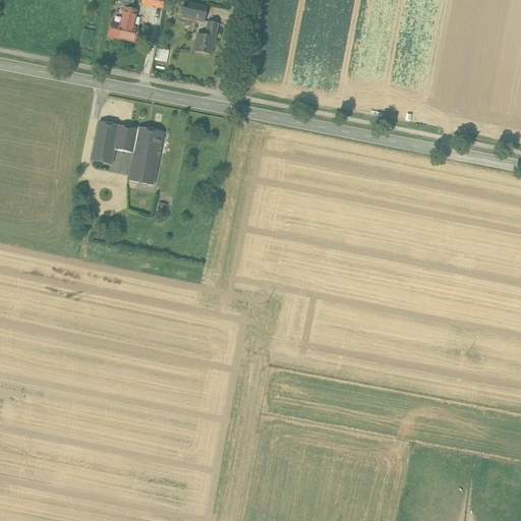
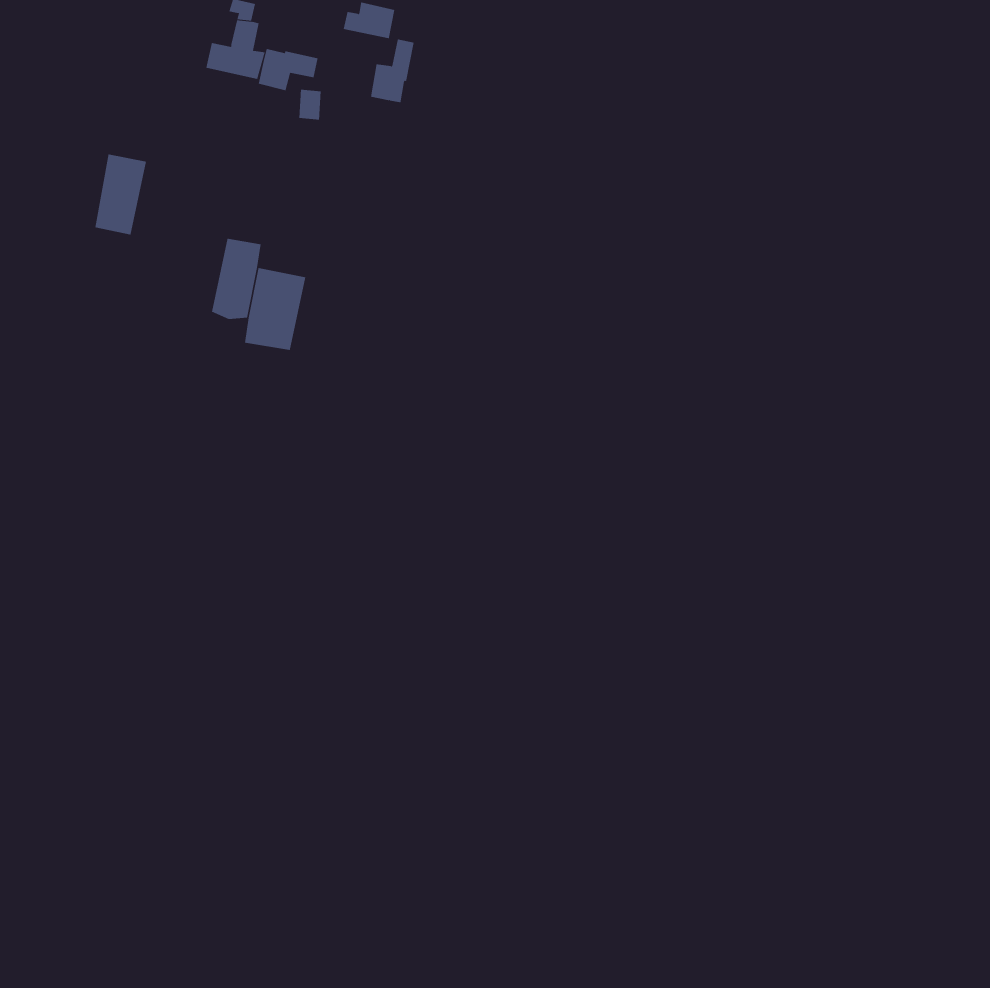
building: none -> [258,48,318,91]
building: [92,121,119,164] -> [94,154,147,235]
building: [135,127,164,146] -> none

